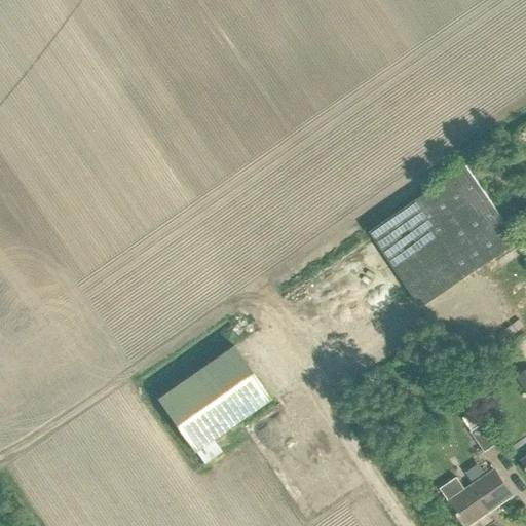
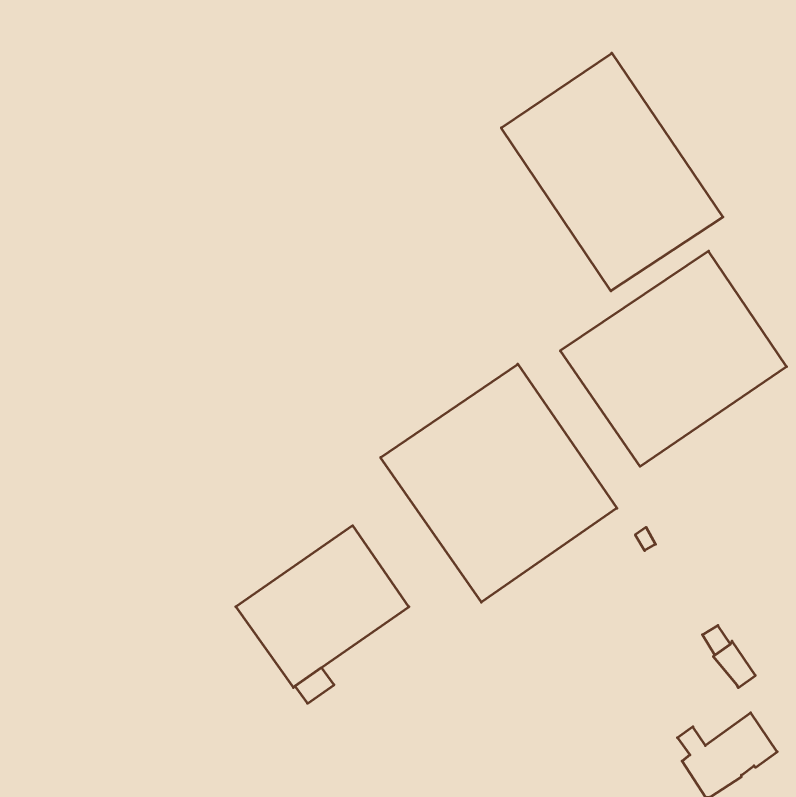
building: none -> [501,53,723,291]
building: none -> [381,364,617,602]

